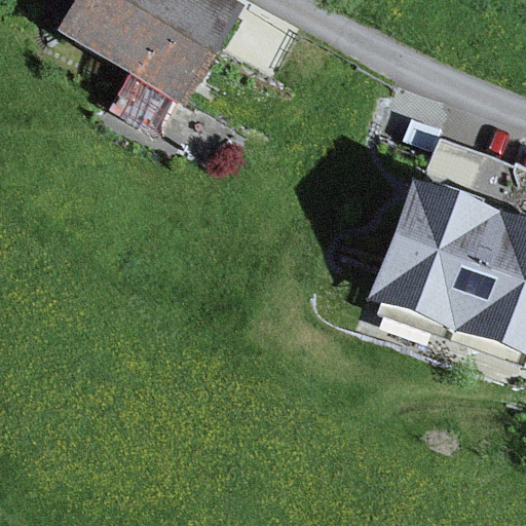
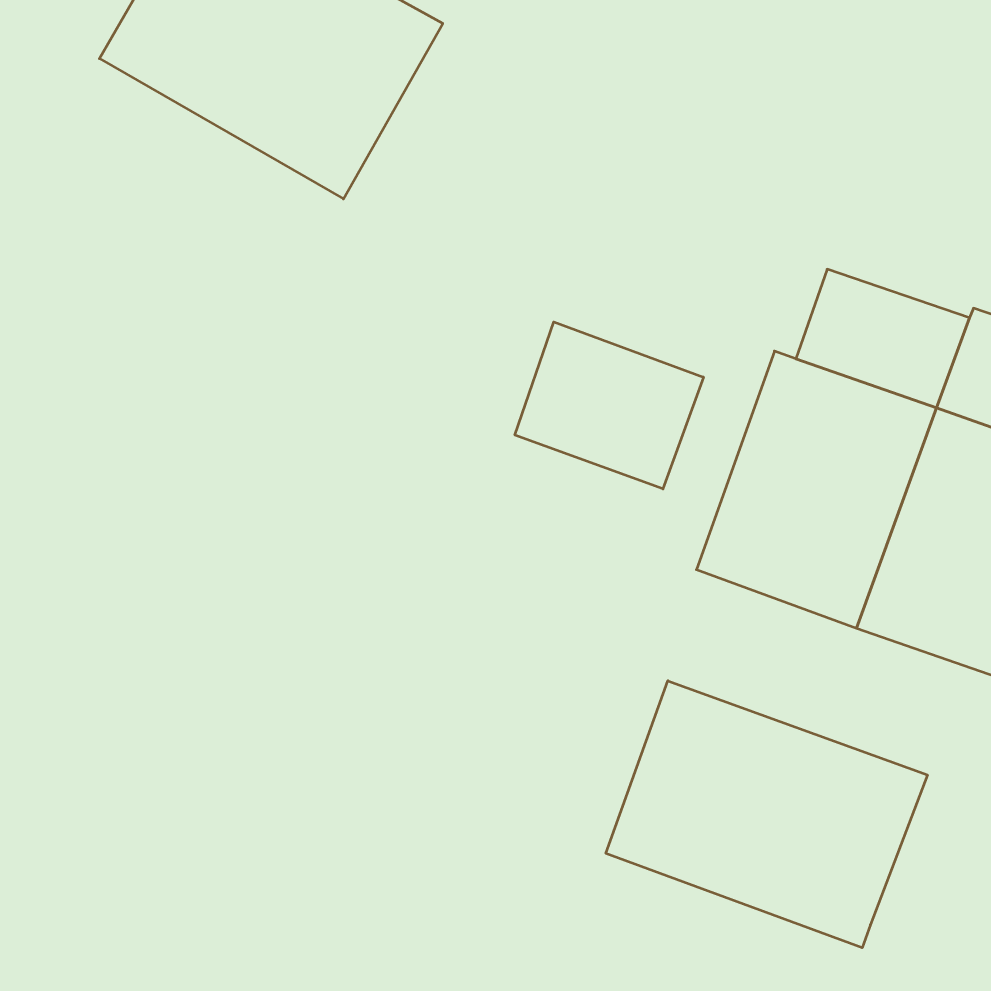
building: none -> [515,322,703,489]
building: none -> [606,681,927,948]

